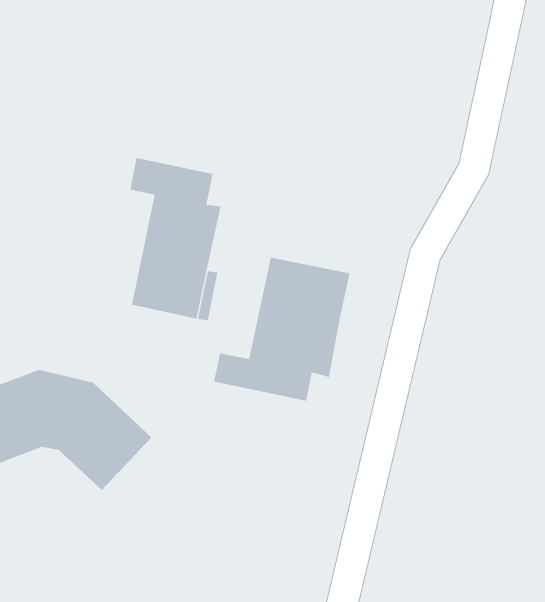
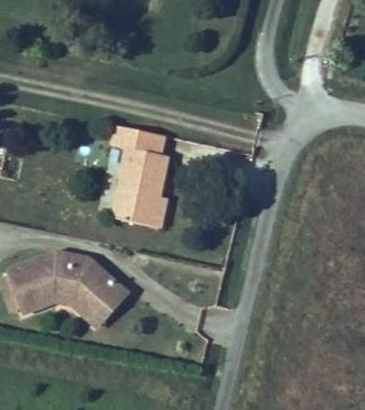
building: [213,257,350,402] -> none

